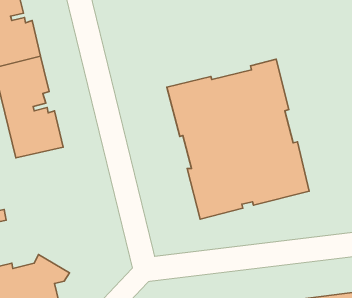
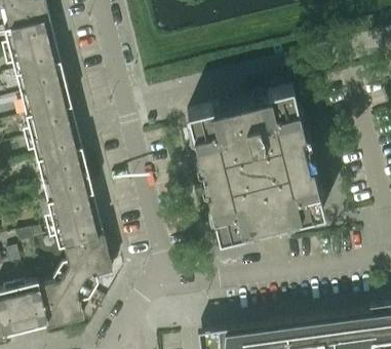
building: none -> [43,172,113,293]

